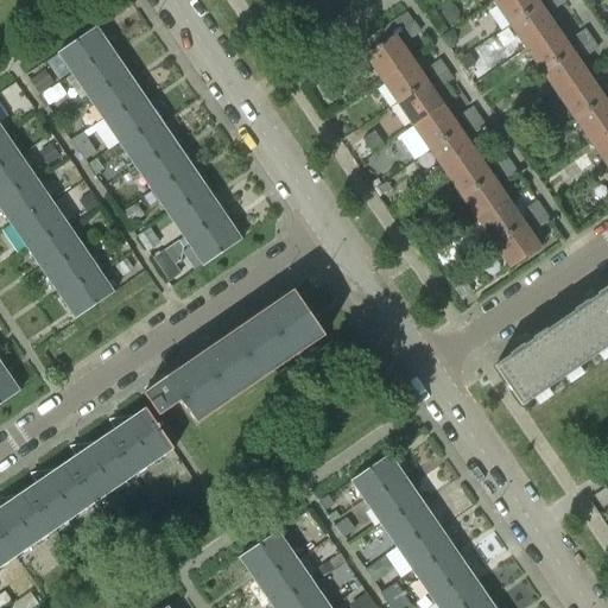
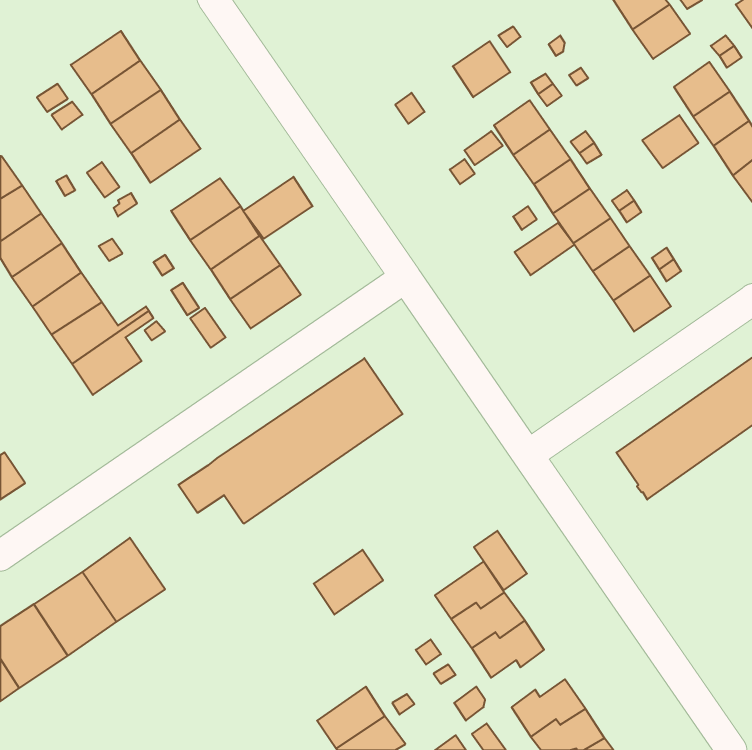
building: [527,27,572,70] -> [642,115,698,168]
building: [382,58,428,101] -> none
building: [122,120,178,170] -> [243,177,313,239]
building: none -> [515,223,575,275]
building: [106,406,175,475] -> none
building: none -> [474,531,527,590]
building: [397,524,456,570] -> none
building: [240,528,296,581] -> [314,550,383,615]

